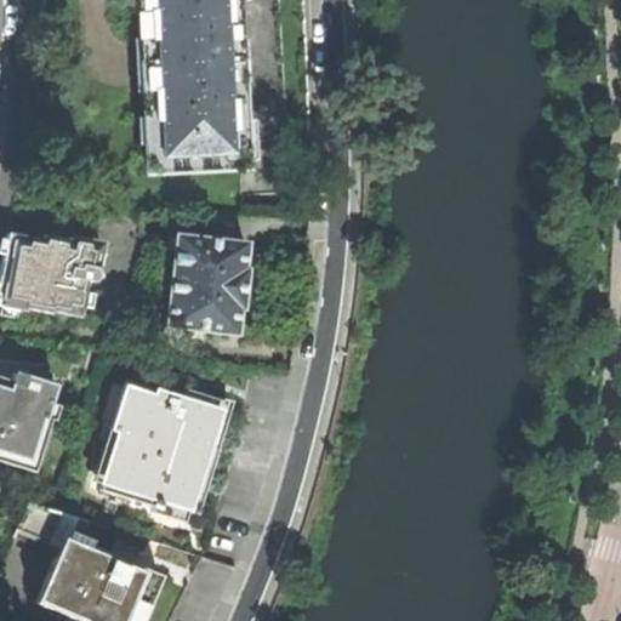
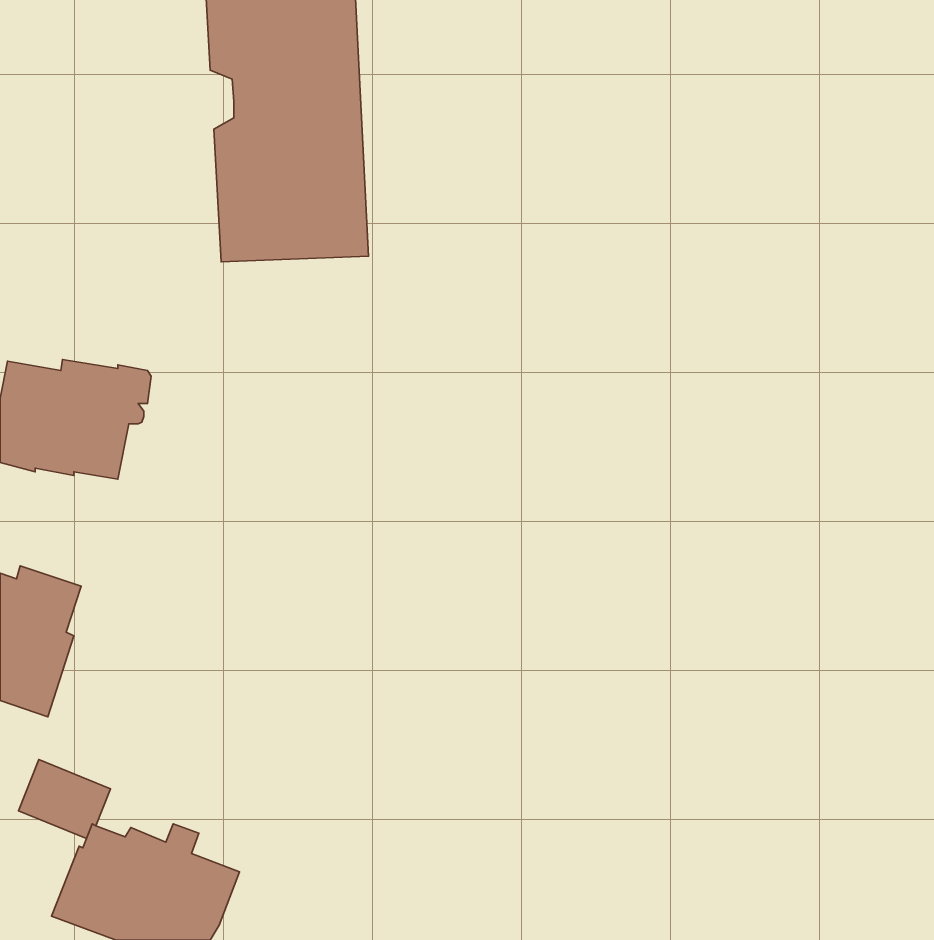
building: [169,234,249,332] -> none
building: [103,371,223,509] -> none

